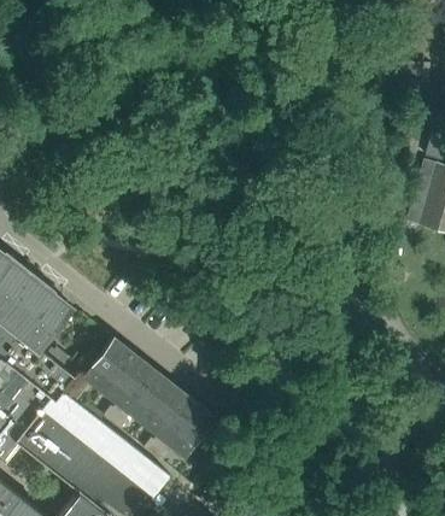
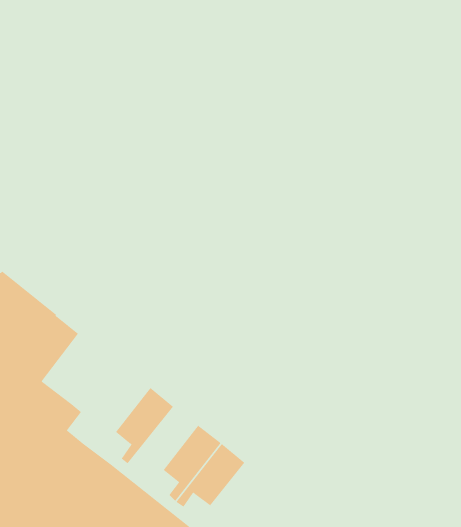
building: [62,339,133,403] -> none
building: [113,371,174,426] -> none

